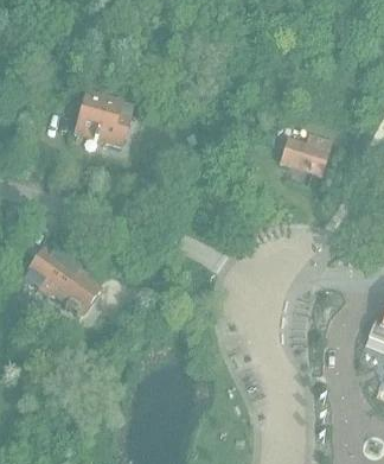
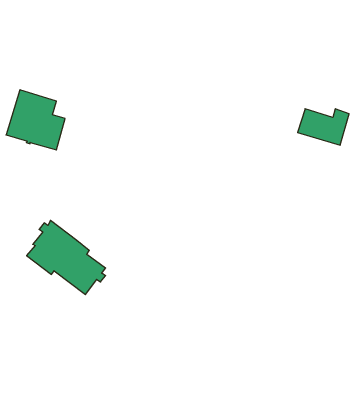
building: [75,89,130,146] -> [6,90,65,150]

